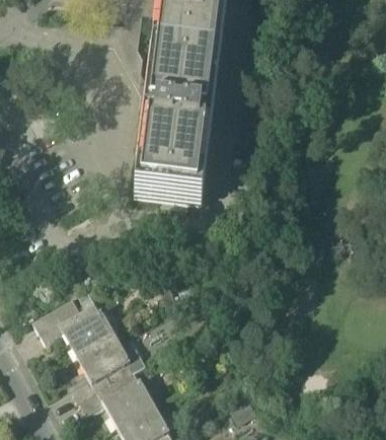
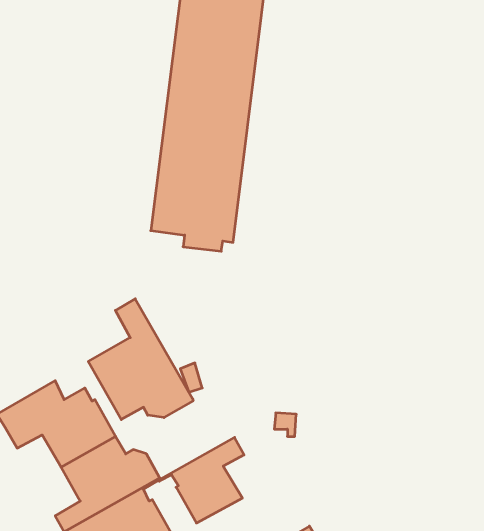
building: none -> [88,299,193,420]
building: none -> [158,437,244,523]

